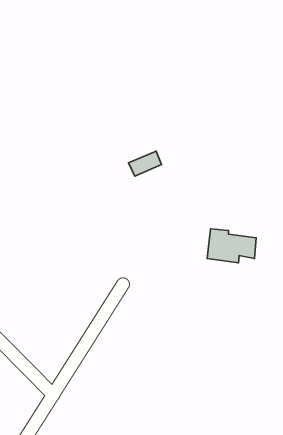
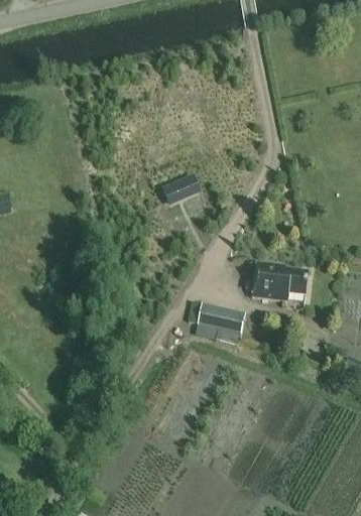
building: none -> [197,302,245,345]

